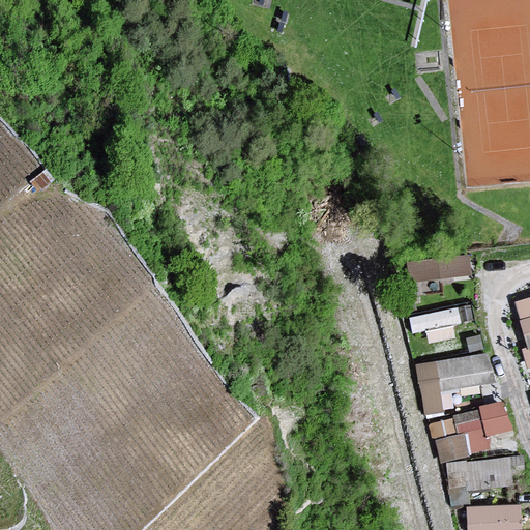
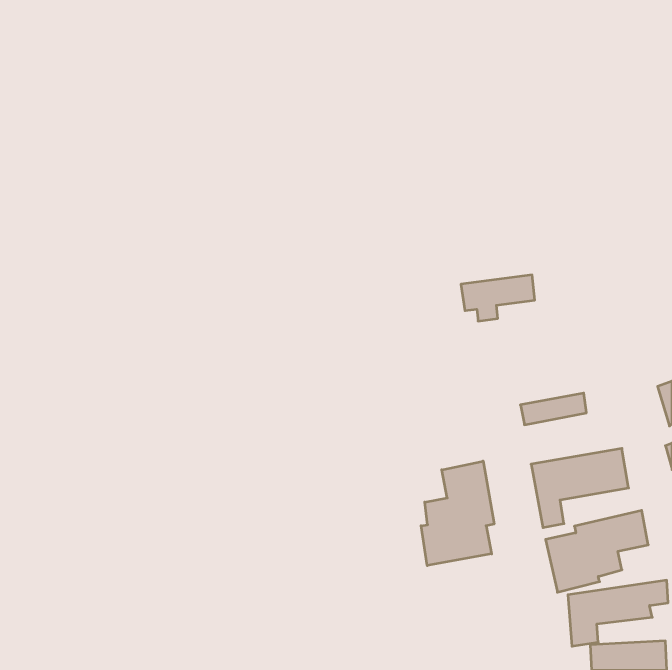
building: [413,254,471,290] -> [461,275,535,321]
building: none -> [421,461,494,566]

